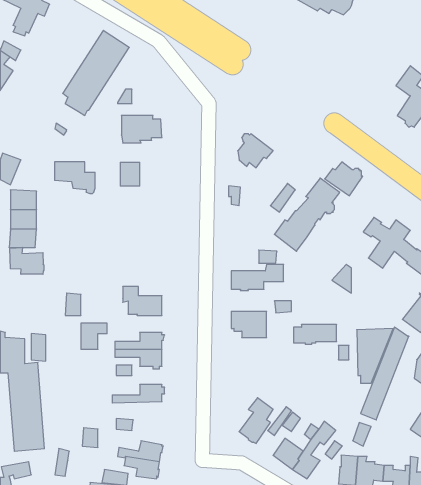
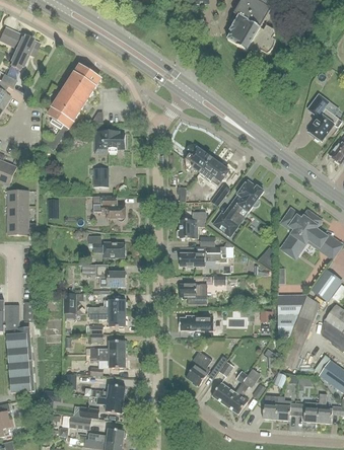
building: [325,162,363,196] -> [199,158,228,184]
building: [55,162,95,193] -> [93,196,125,220]
building: none -> [178,219,205,237]
building: [10,247,44,274] -> none
building: none -> [89,235,125,256]
building: [294,325,337,344] -> [180,315,213,330]
building: none -> [86,353,126,369]

